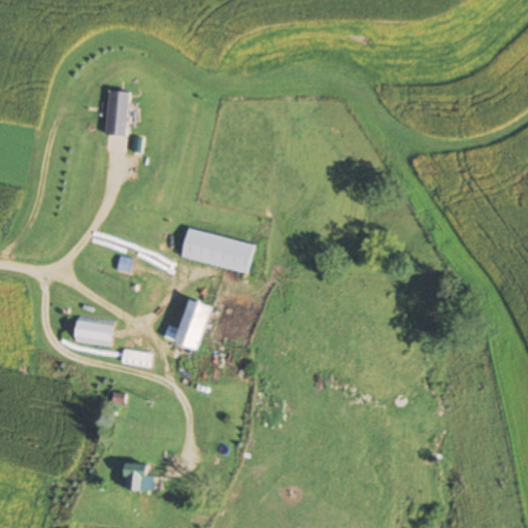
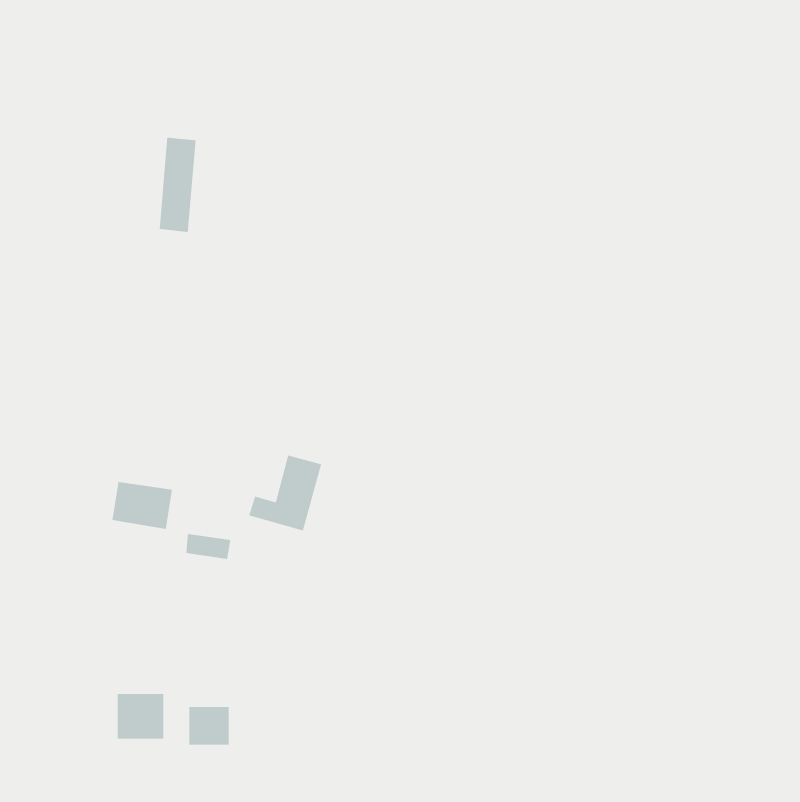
building: [182,229,256,272] -> none
building: none -> [117,693,164,739]

